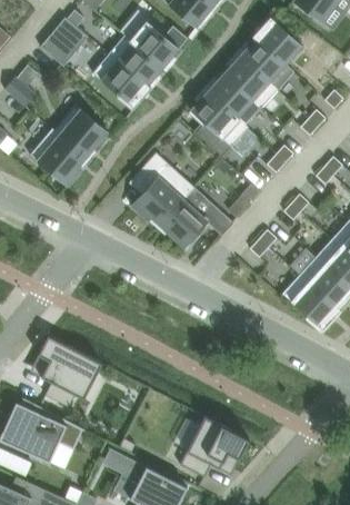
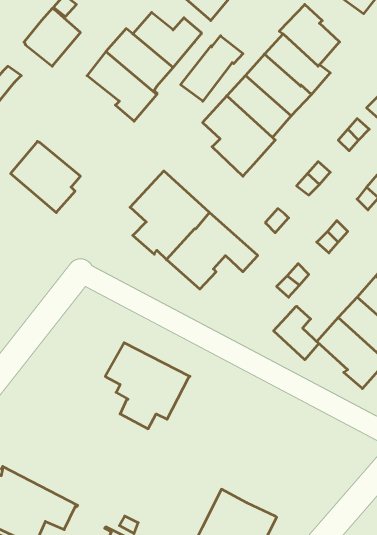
building: none -> [181,36,243,101]
building: [53,105,108,157] -> none
building: none -> [274,306,319,360]
building: [32,336,102,407] -> [105,343,190,429]

